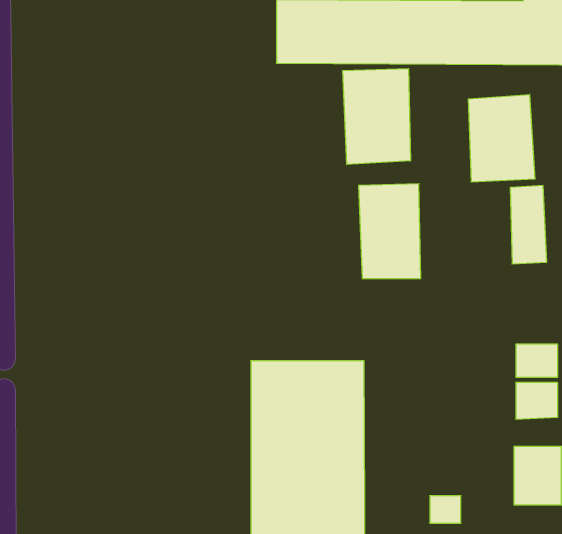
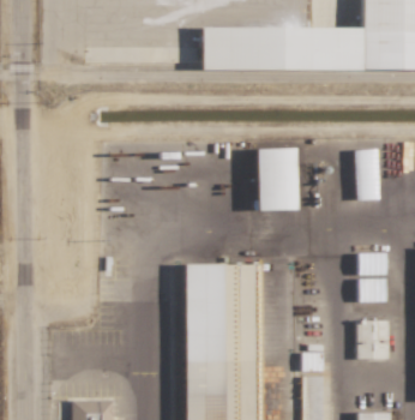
building: [343,69,410,165] -> none
building: [468,94,535,182] -> none

